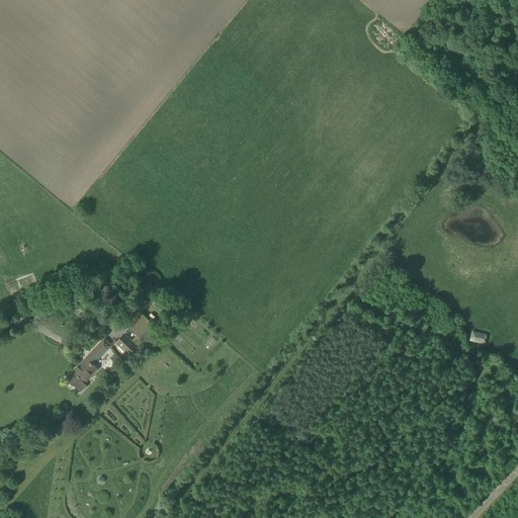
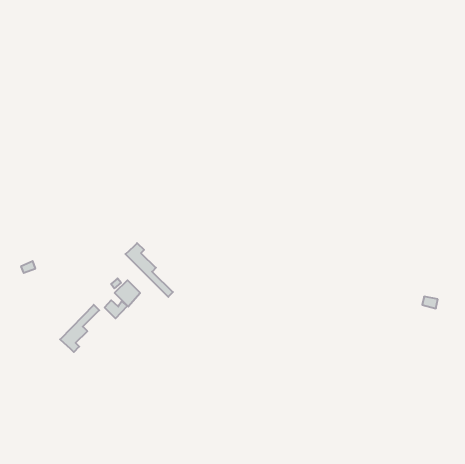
building: none -> [125,243,173,297]

